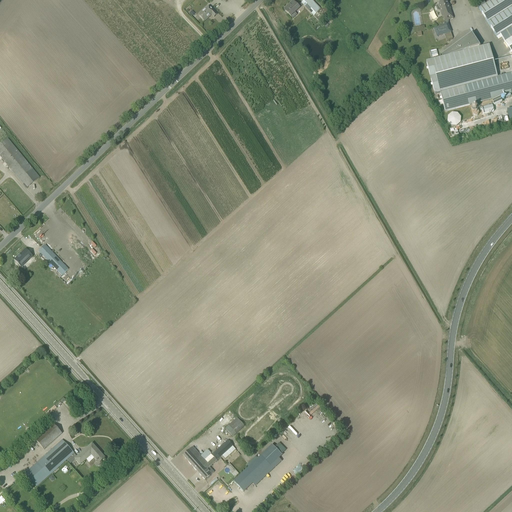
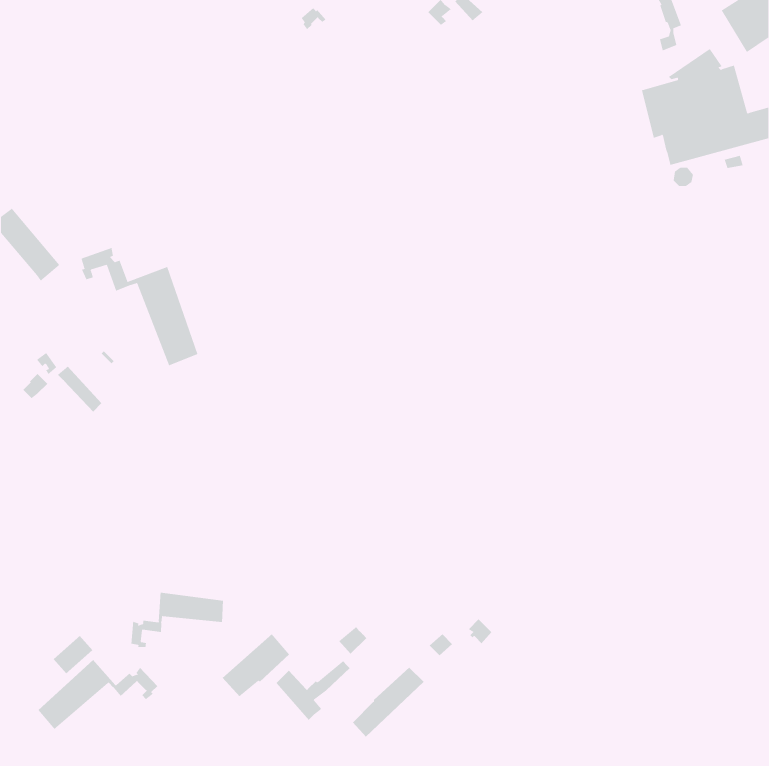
building: none -> [81,247,198,366]
building: none -> [131,592,224,648]
building: none -> [222,633,290,697]

